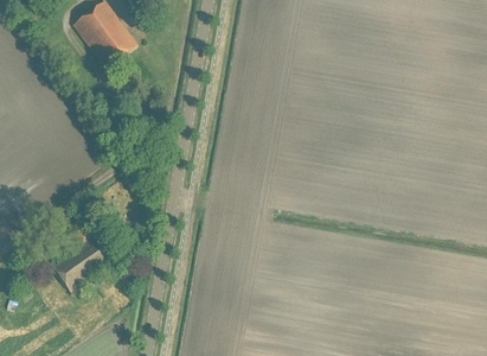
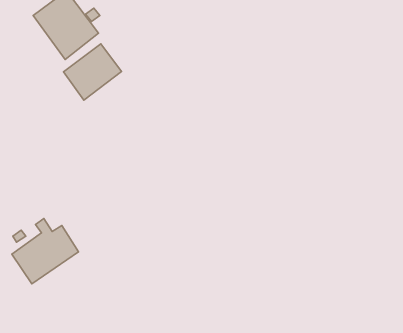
building: none -> [63,44,122,100]

